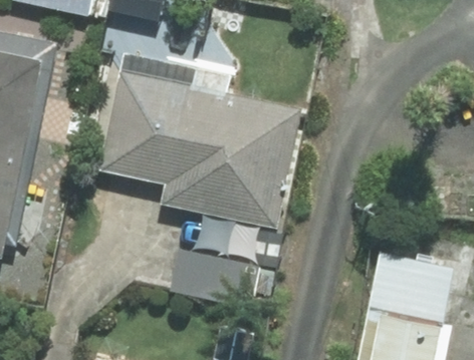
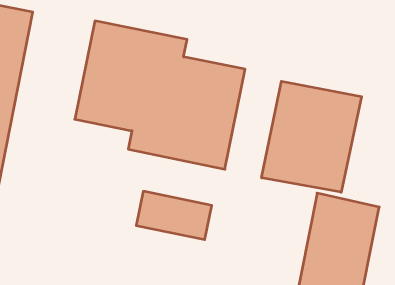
building: none -> [262,81,362,192]

